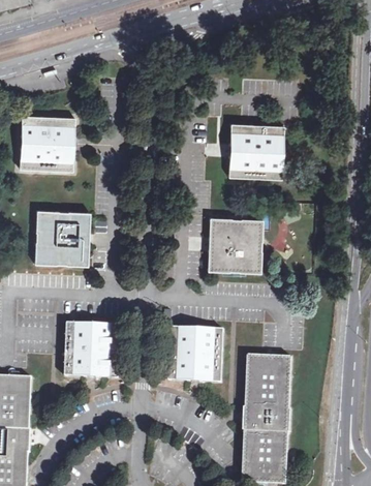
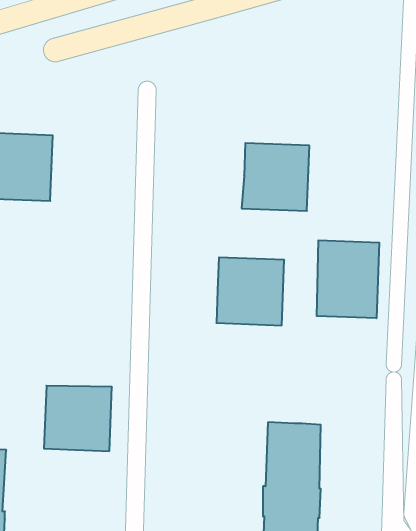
building: none -> [317,240,379,318]
building: [33,210,87,266] -> none
building: [167,325,222,381] -> none

